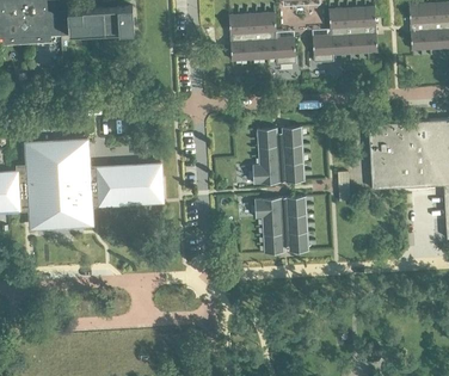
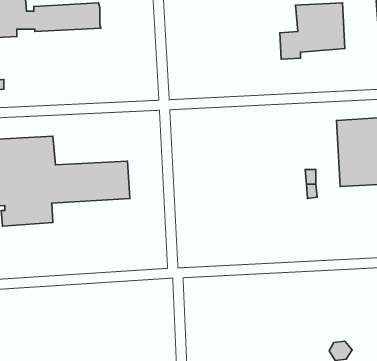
building: [229,13,296,66] -> none
building: [252,127,305,185] -> none
building: [254,197,309,254] -> none

